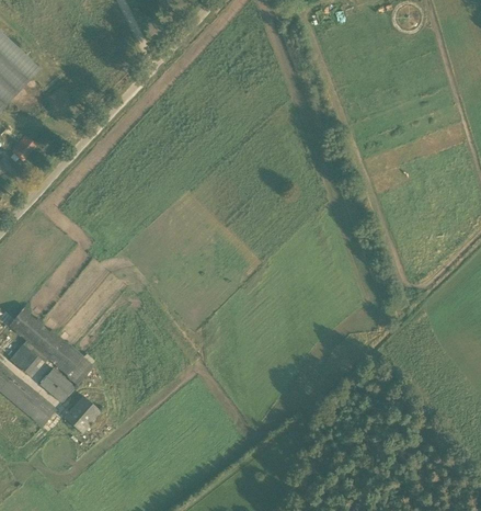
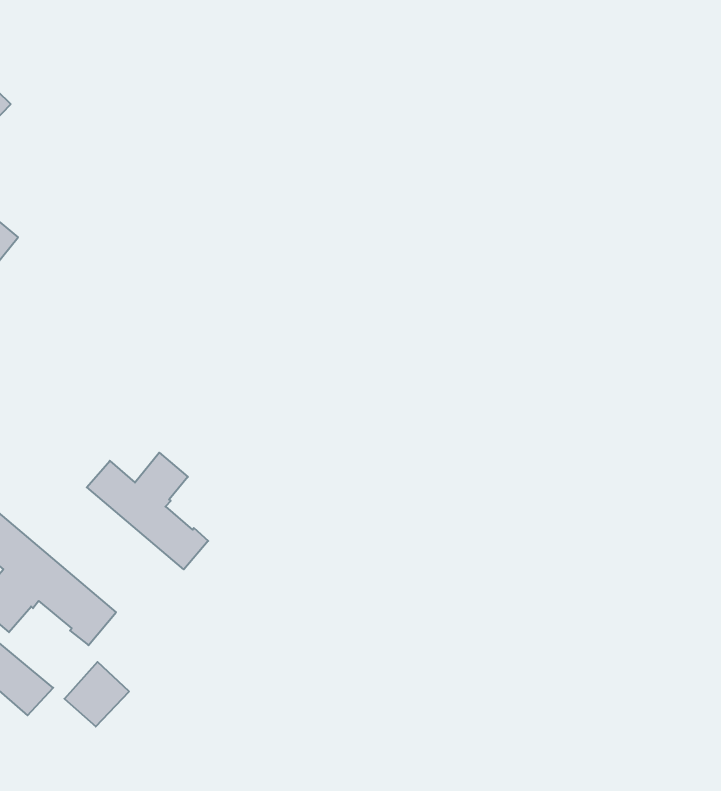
building: none -> [87,453,208,569]
building: [38,365,75,402] -> none

